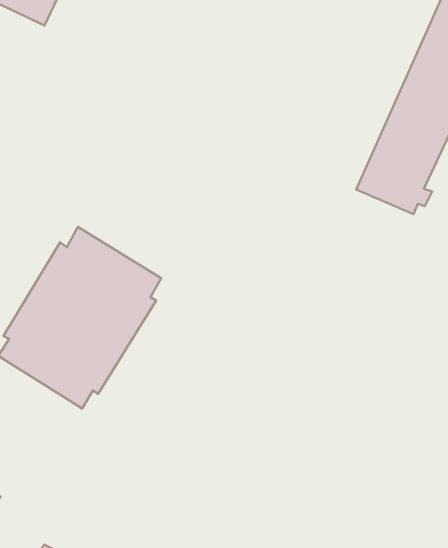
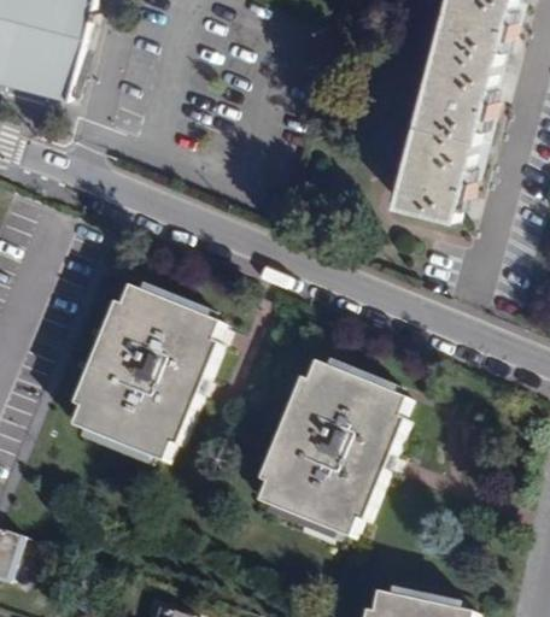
building: none -> [261,360,405,536]

